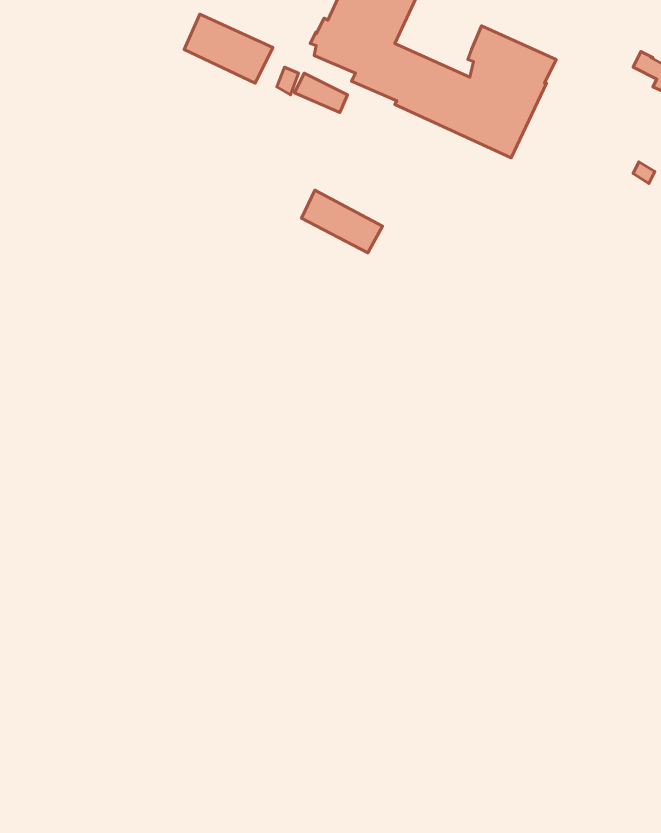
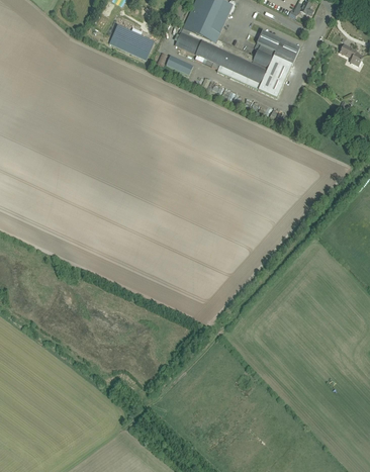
building: [301,190,383,253] -> none

